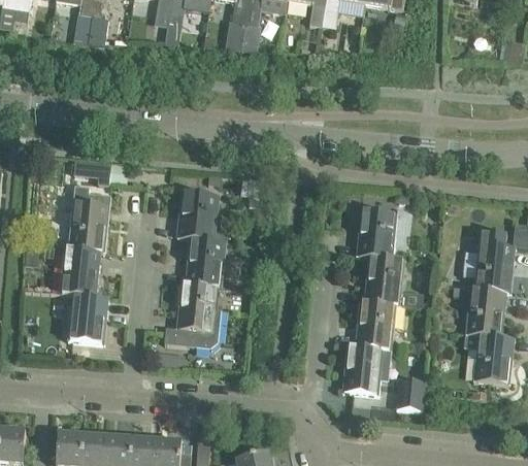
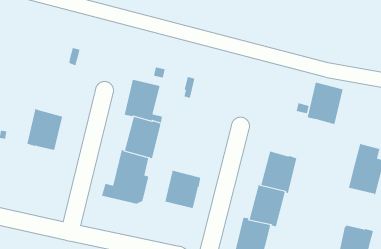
building: [69,185,110,251] -> none
building: [356,207,397,258] -> [307,82,344,125]
building: [452,284,507,336] -> none
building: [67,292,108,341] -> none
building: none -> [165,170,201,209]

